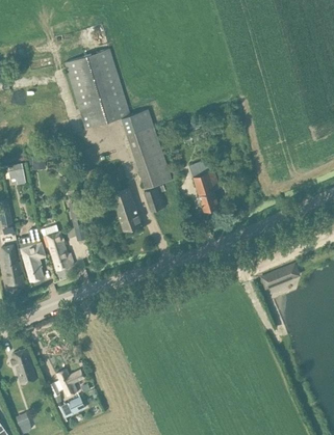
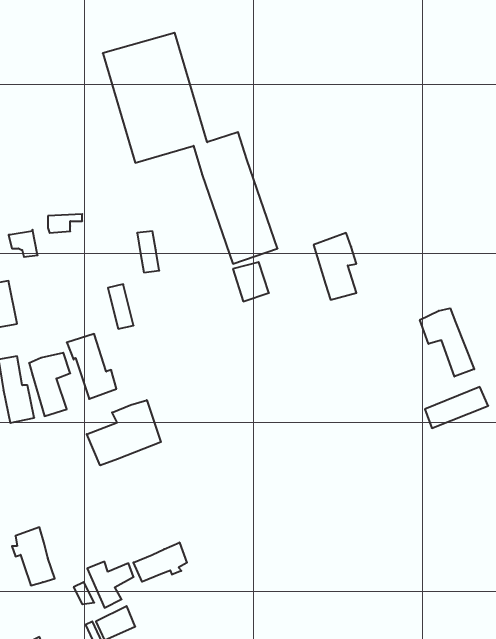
building: [111,188,142,229] -> none
building: none -> [420,308,474,377]
building: none -> [87,400,161,465]
building: none -> [133,542,187,582]

